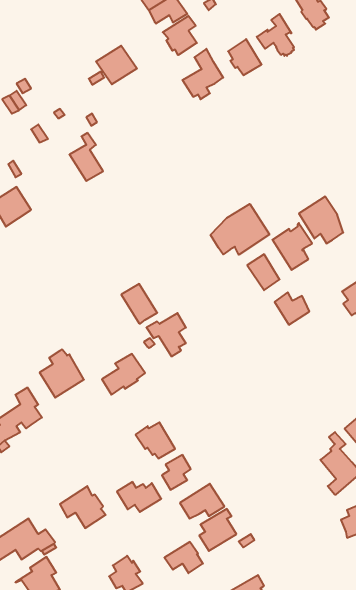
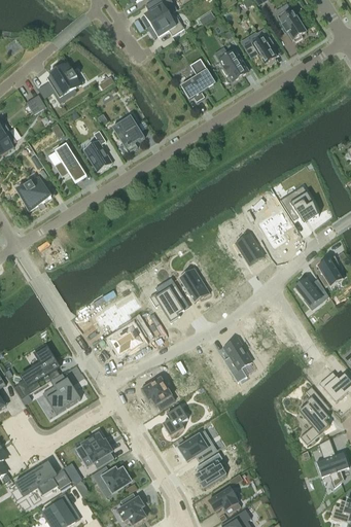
building: [163,16,197,55] -> none
building: [96,46,137,84] -> [46,64,81,97]
building: none -> [114,115,145,152]
building: none -> [55,143,86,182]
building: [211,204,269,255] -> none
building: [121,284,157,323] -> [179,268,210,302]
building: [275,292,309,325] -> [294,279,324,307]
building: [40,350,84,398] -> [42,373,80,414]
building: none -> [223,338,252,382]
building: [117,482,161,512] -> [93,466,131,492]
building: [164,542,203,573] -> [208,487,241,514]

